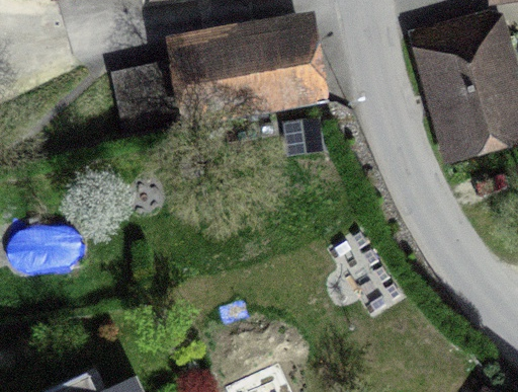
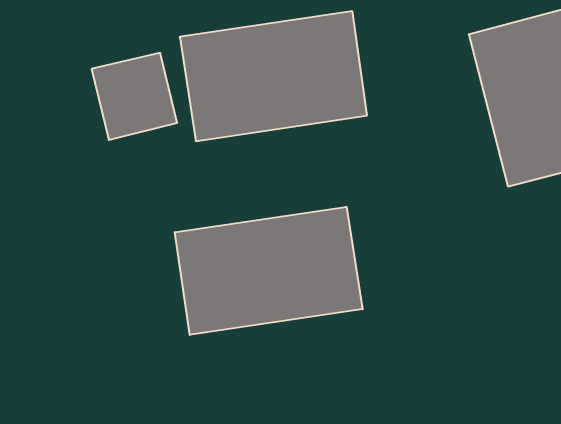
building: none -> [175,207,363,335]

